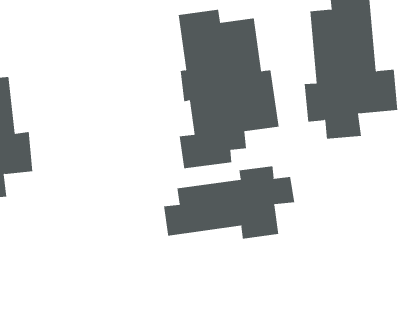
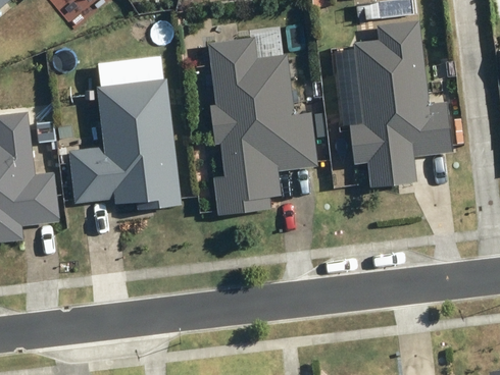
building: none -> [69,76,179,207]
building: [164,165,295,240] -> none

